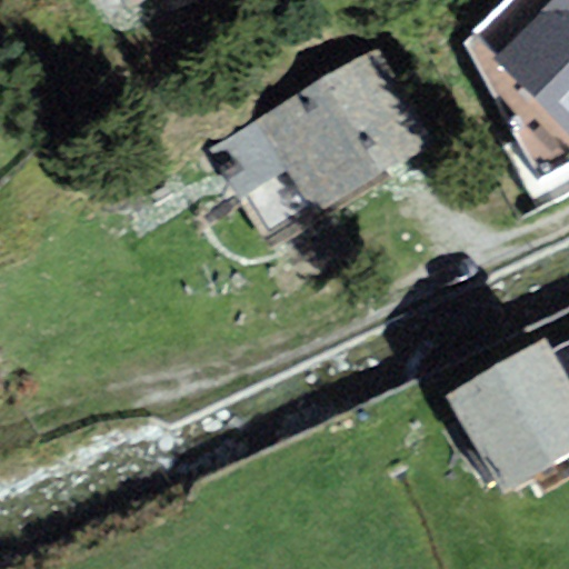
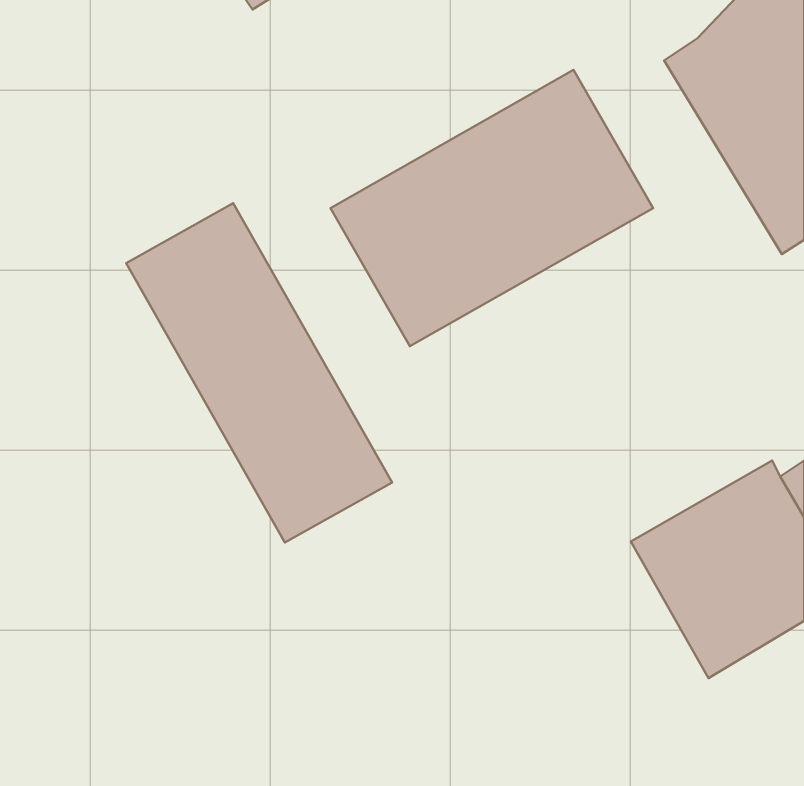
building: none -> [126,203,392,542]

